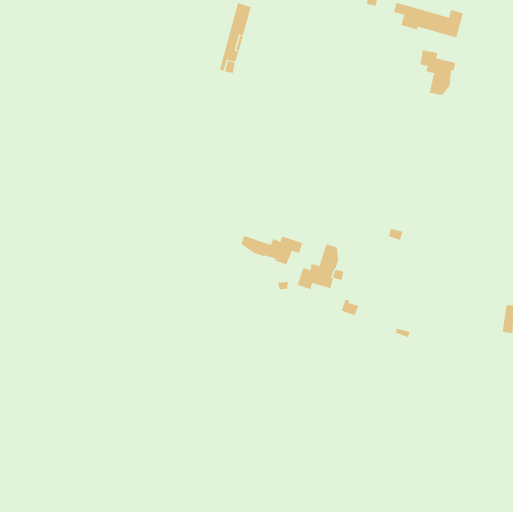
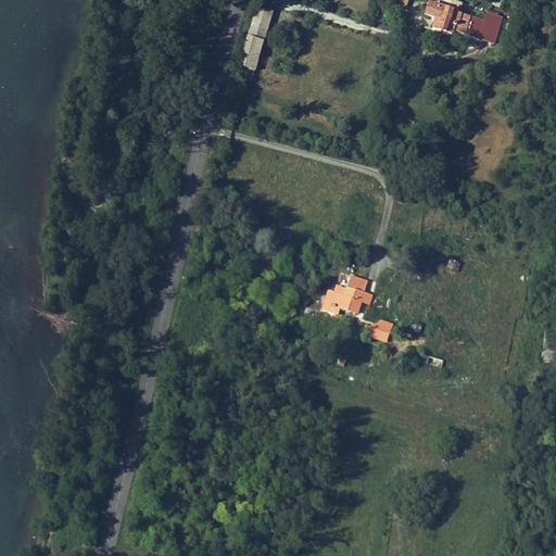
building: [420,50,456,96] -> none
building: [241,235,303,265] -> none

